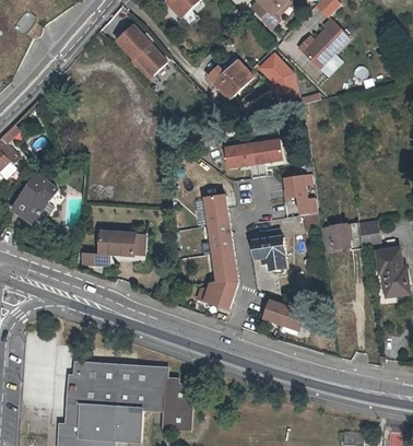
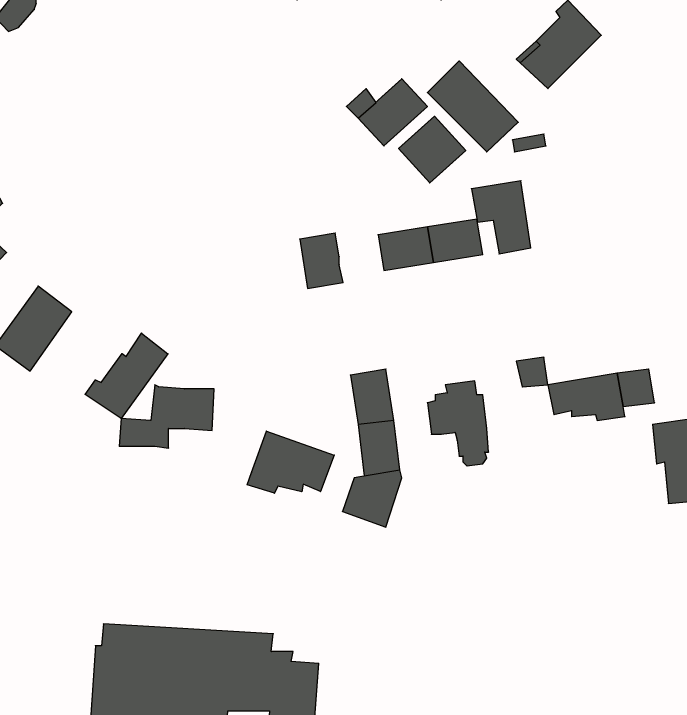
building: [117,25,166,77] -> none
building: none -> [399,116,466,183]
building: [283,175,316,215] -> [471,181,531,254]
building: [204,195,228,225] -> [300,233,343,288]
building: none -> [85,333,168,419]
building: none -> [247,431,334,493]
building: [259,297,304,330] -> none

